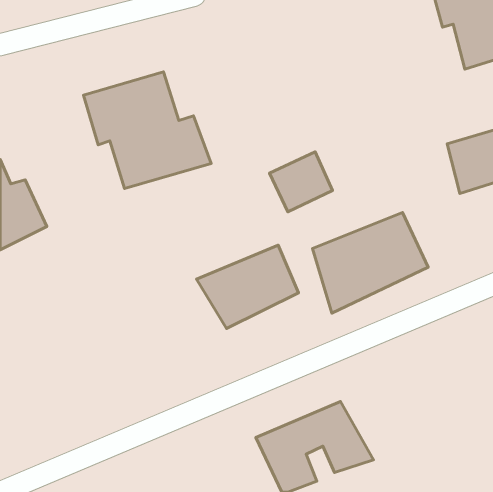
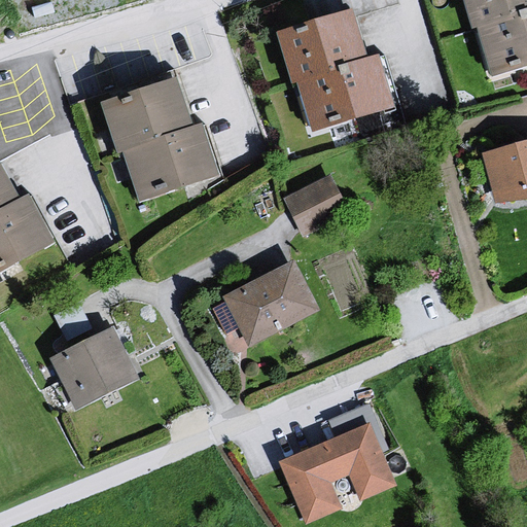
building: none -> [272,10,403,133]
building: [312,212,428,313] -> none
building: none -> [48,327,138,410]

